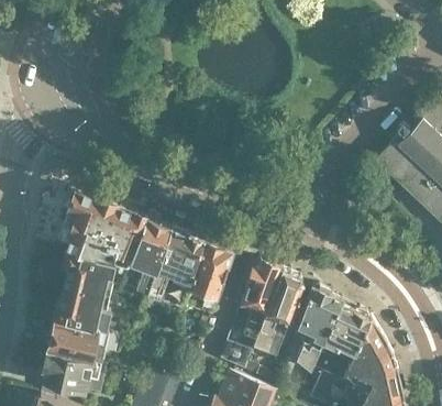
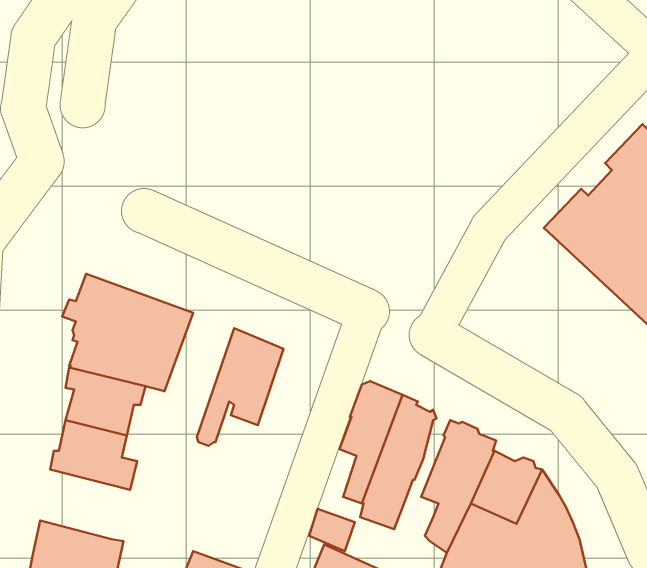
building: [120,217,172,297] -> none
building: [186,240,233,309] -> none
building: [46,318,122,364] -> none

